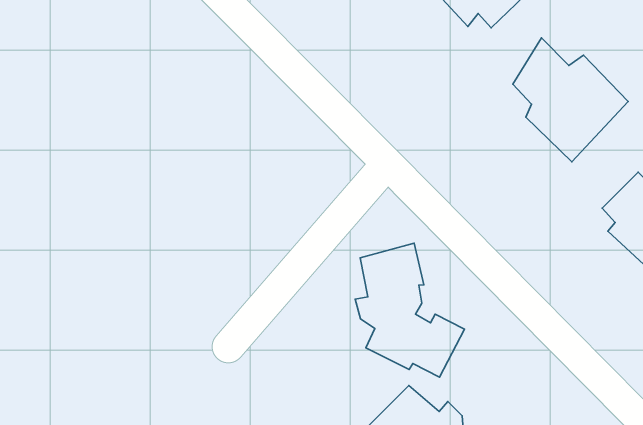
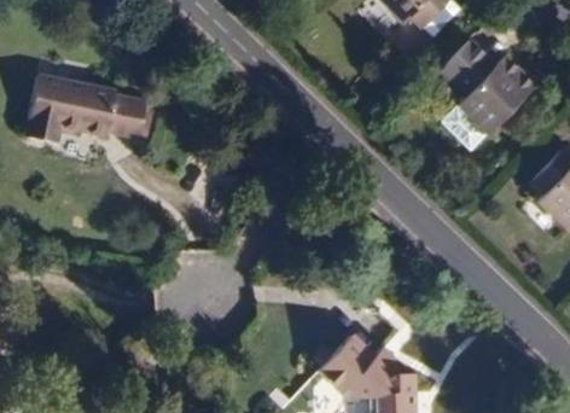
building: none -> [29,53,150,132]
building: [355,243,464,377] -> none

